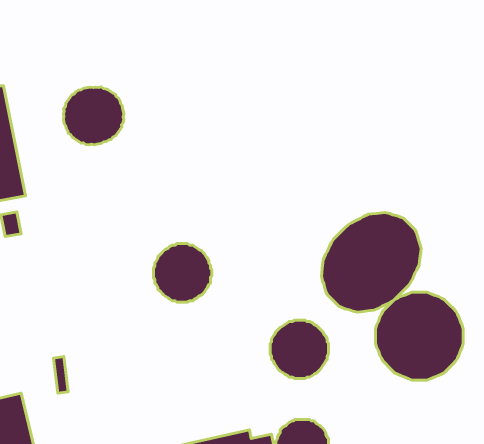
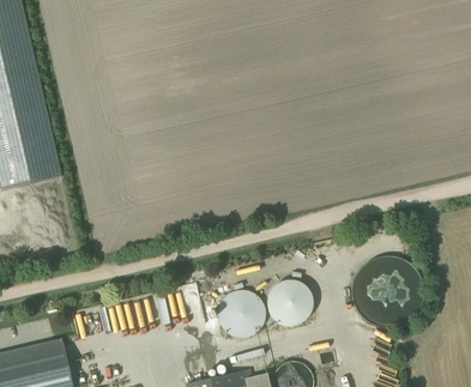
building: [63,87,124,145] -> none
building: [321,212,421,312] -> none
building: [153,244,212,302] -> [216,290,264,338]

